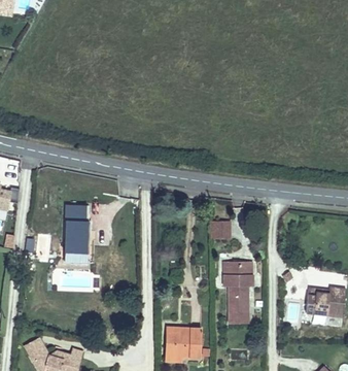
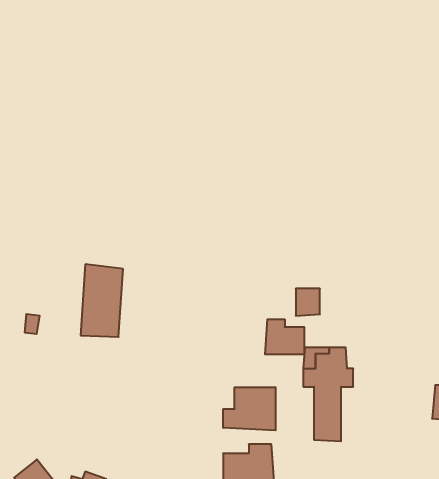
building: none -> [265,319,304,354]
building: none -> [223,387,276,430]

